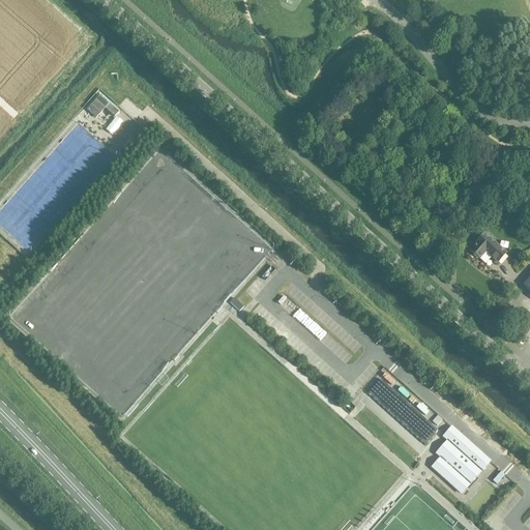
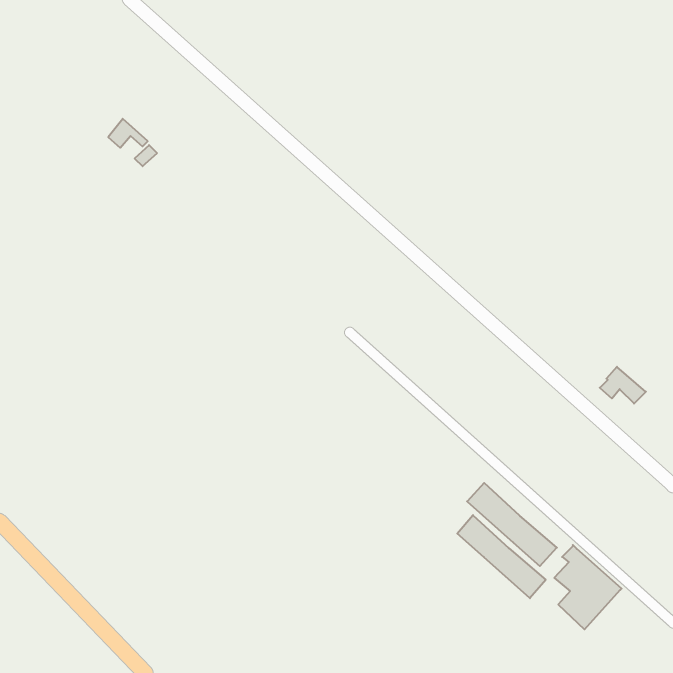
building: [469,233,505,262] -> [600,367,646,404]
building: none -> [457,515,546,598]

